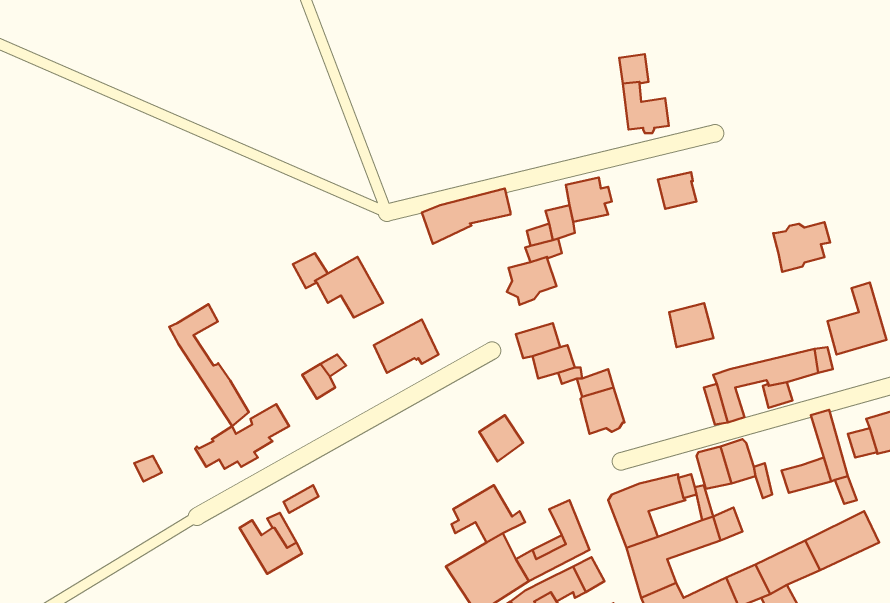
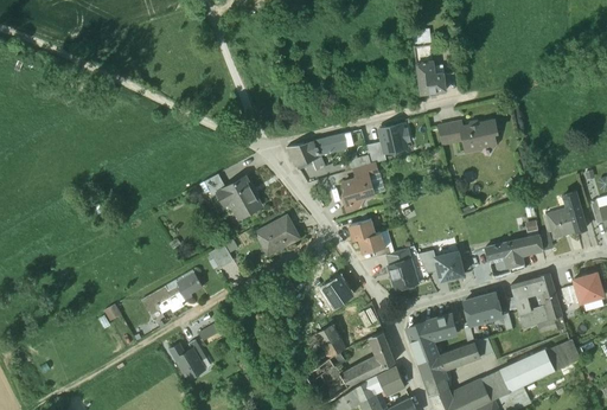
building: [773,222,830,272] -> [460,120,497,152]
building: [669,303,713,347] -> [435,251,464,280]
building: [169,304,249,426] -> none
building: none -> [511,277,542,313]

